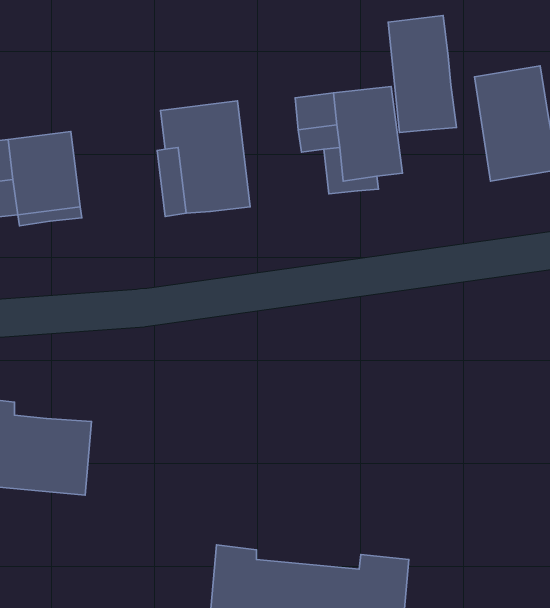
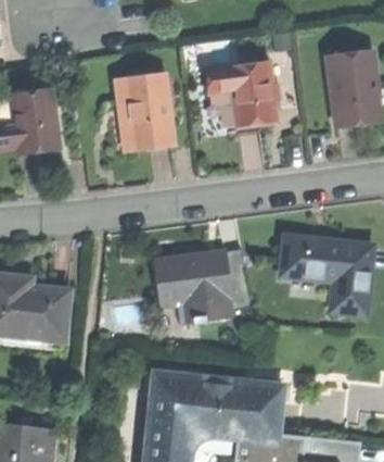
building: [388,15,456,133] -> none
building: none -> [281,235,374,314]
building: none -> [155,249,233,322]

